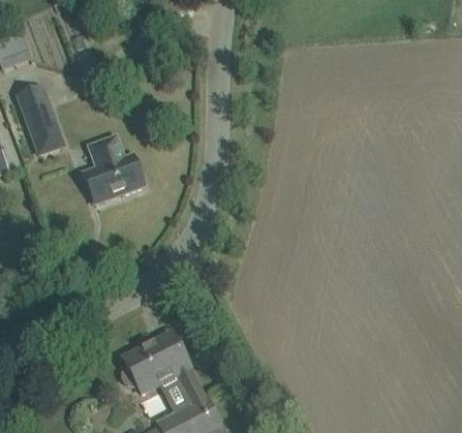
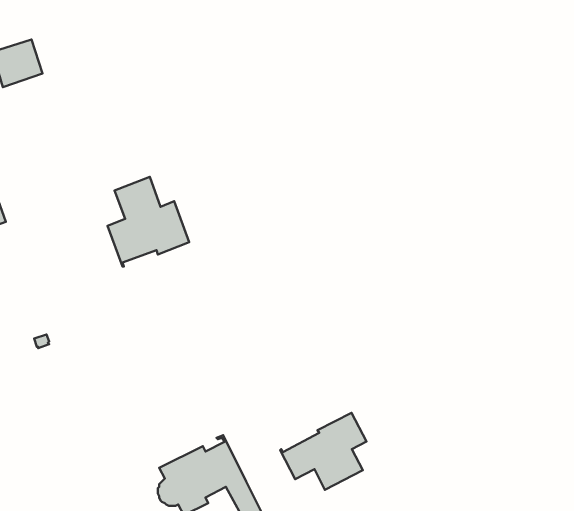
building: [18,86,60,141] -> none
building: none -> [280,413,367,490]

